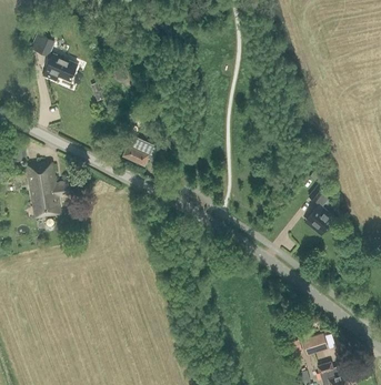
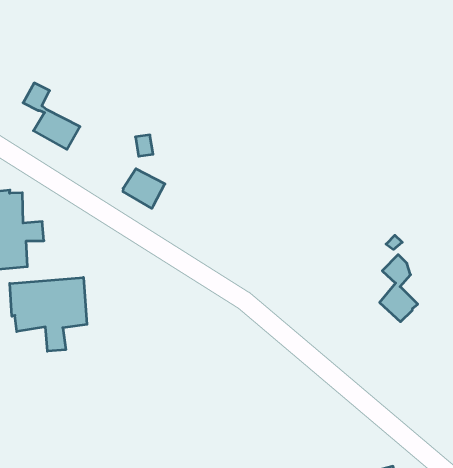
building: [37,36,78,80] -> [23,83,80,149]
building: none -> [10,277,87,351]

